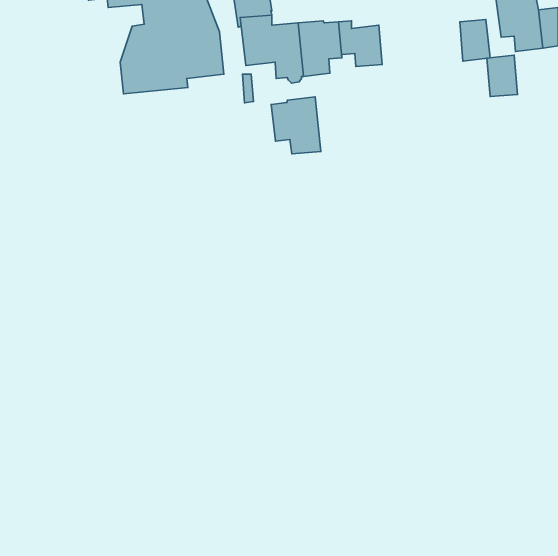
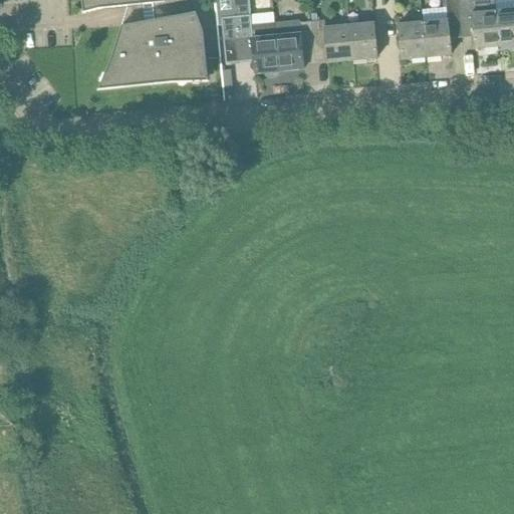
building: none -> [348,21,376,59]
building: [487,55,517,97] -> [398,20,426,58]
building: [271,97,321,154] -> none

